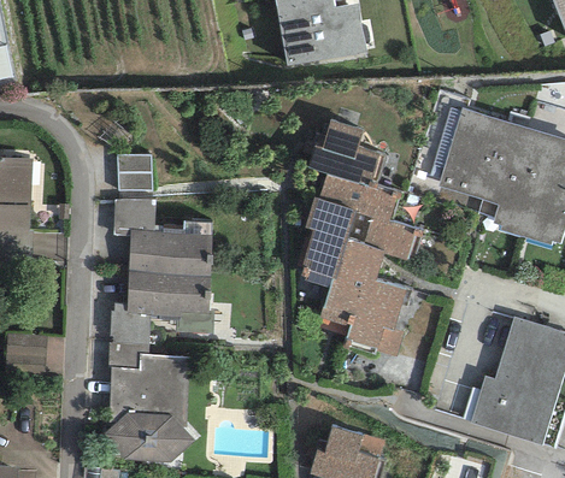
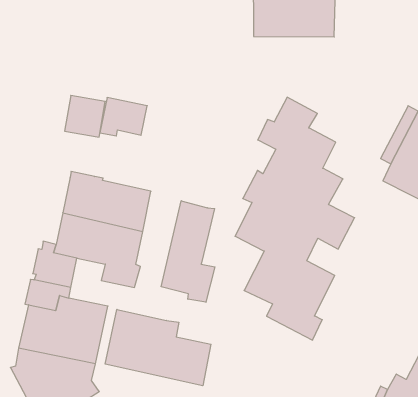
building: [113,199,155,235] -> [100,98,147,136]
building: none -> [161,201,215,302]
building: none -> [105,309,211,386]

